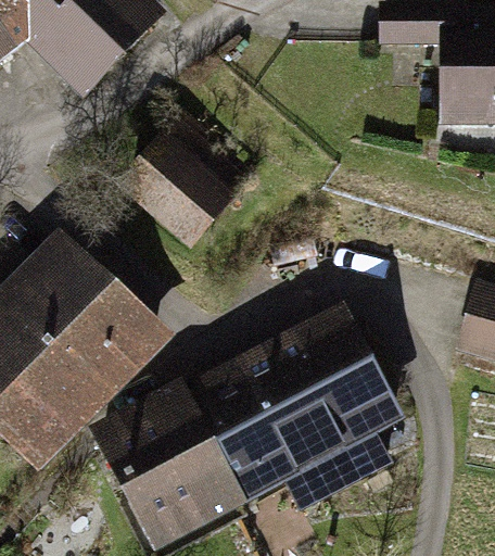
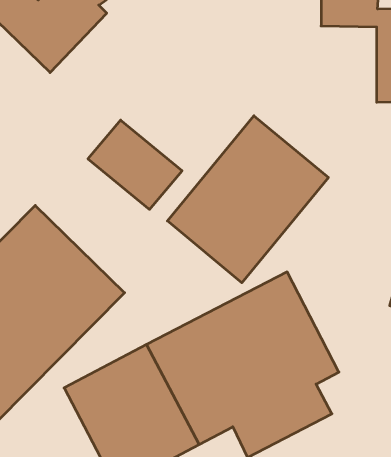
building: none -> [167,116,328,283]

